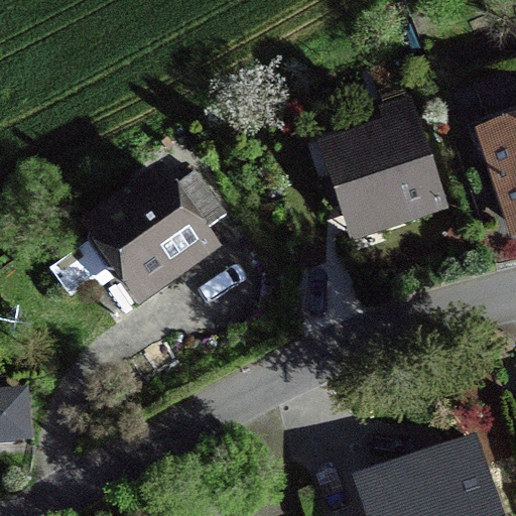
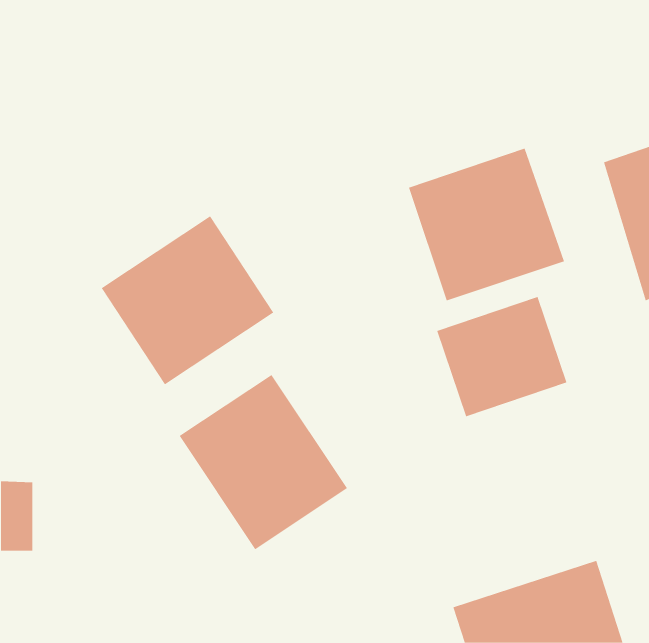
building: none -> [436,296,567,417]
building: none -> [179,374,348,550]

